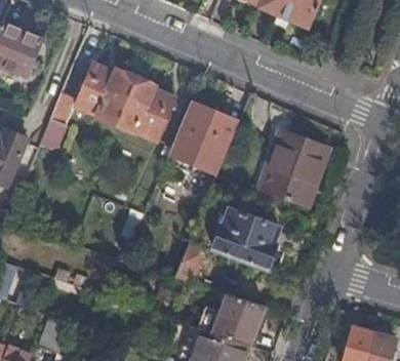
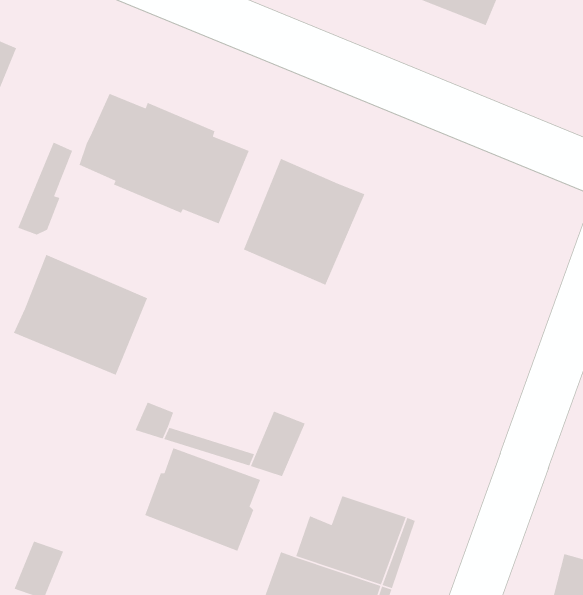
building: [259,133,320,208] -> none
building: none -> [13,254,148,376]
building: [212,209,279,269] -> [144,447,261,552]

